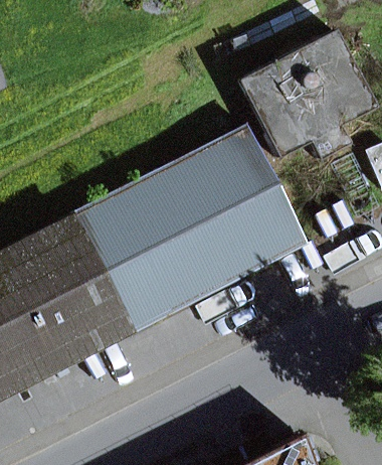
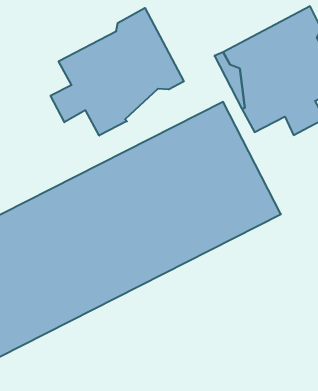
building: none -> [51,8,184,136]

